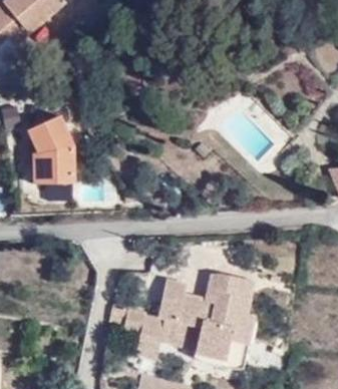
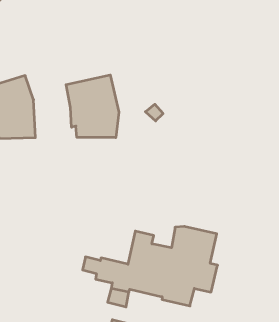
building: none -> [66,75,119,138]

